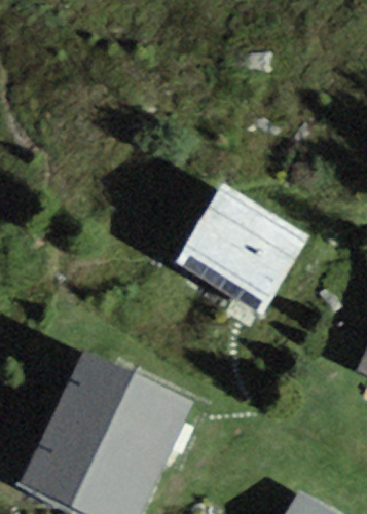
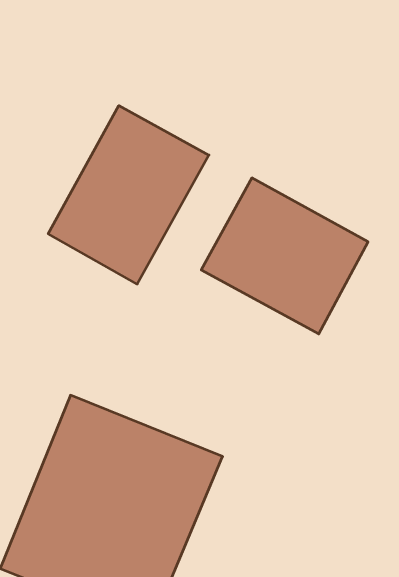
building: none -> [48,106,209,284]

